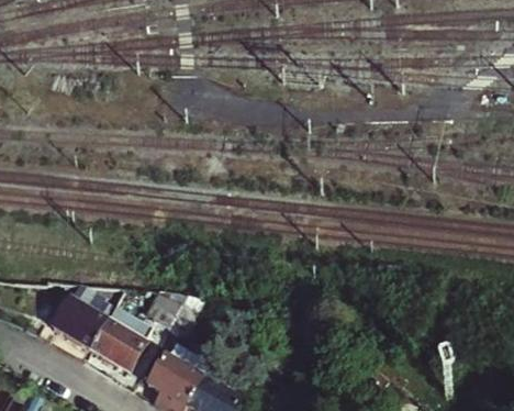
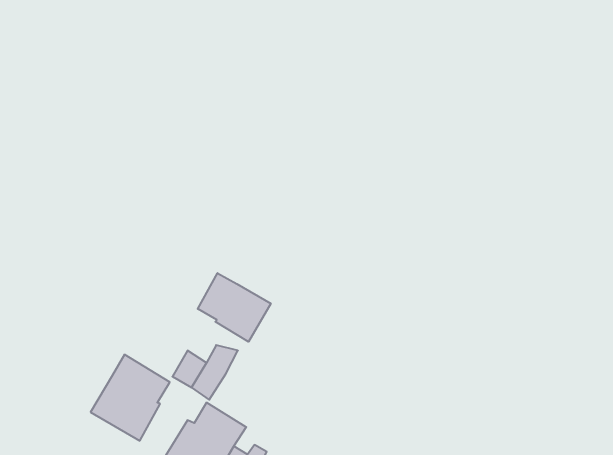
building: none -> [198,273,271,342]
building: [49,280,112,347] -> none

